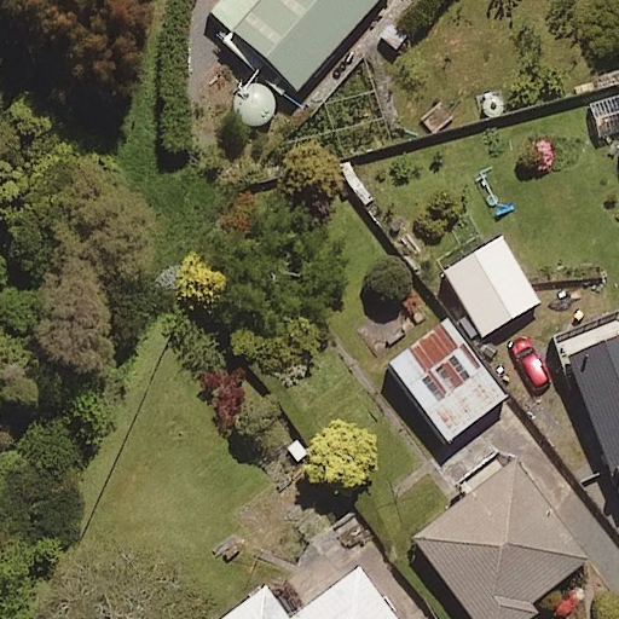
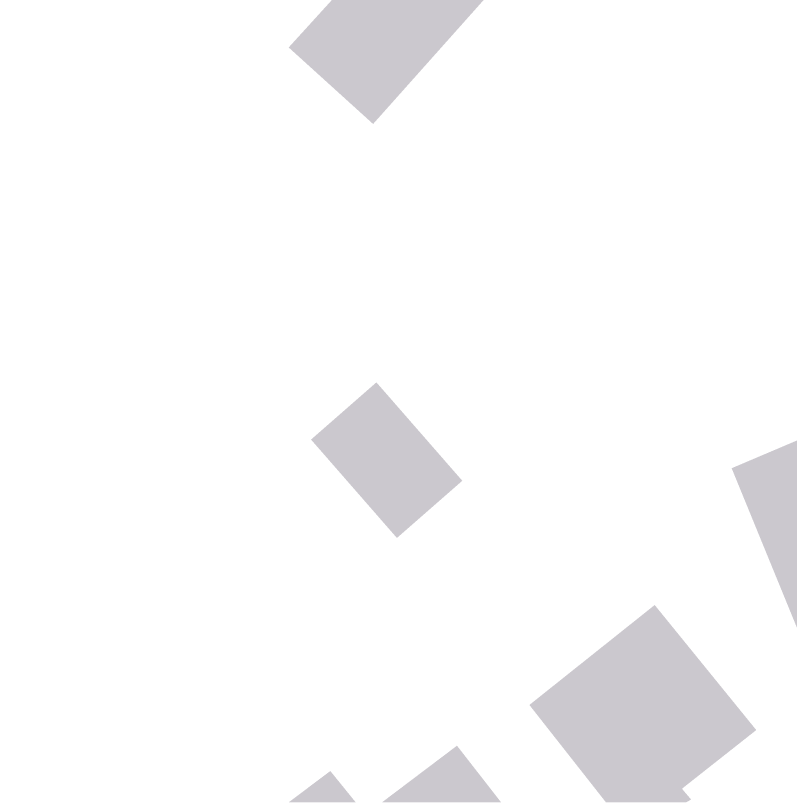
building: [445,237,540,335] -> none
building: [387,319,504,440] -> [310,381,463,539]

